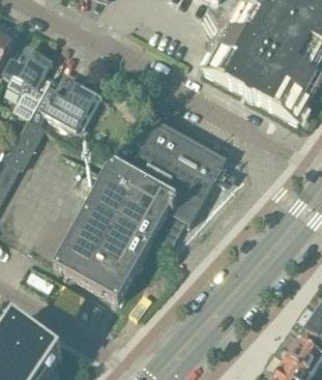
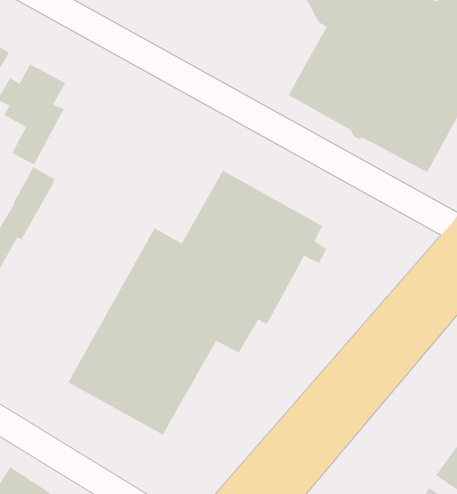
building: [30,69,97,131] -> none

